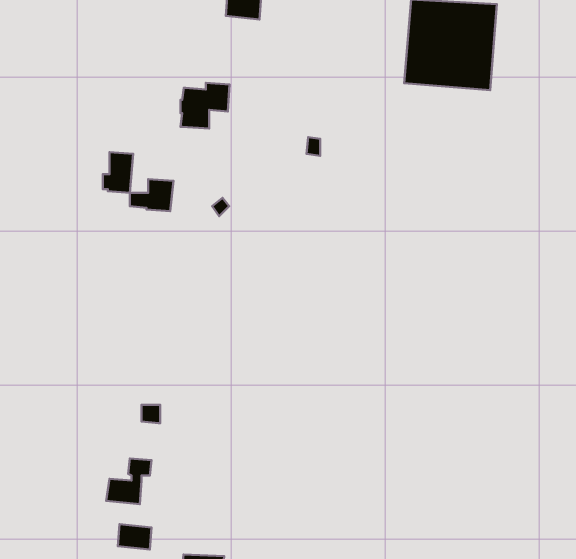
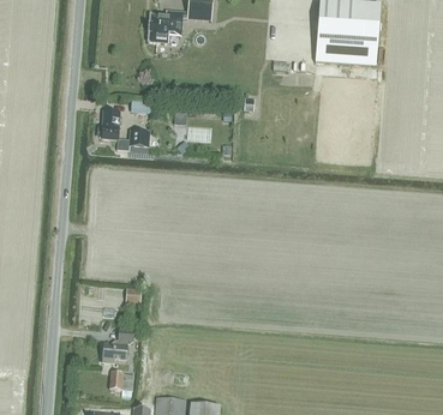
building: [181,83,229,128] -> [148,10,182,42]

